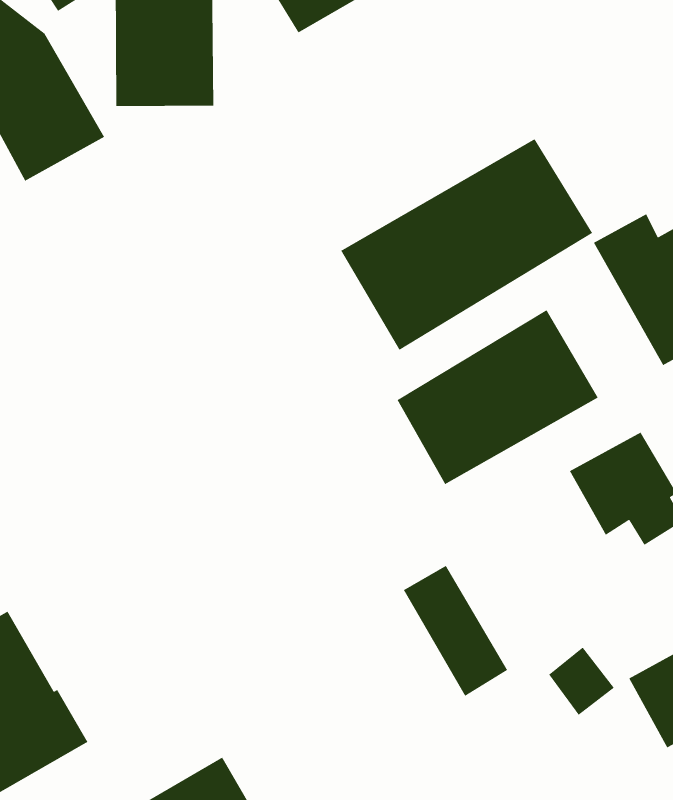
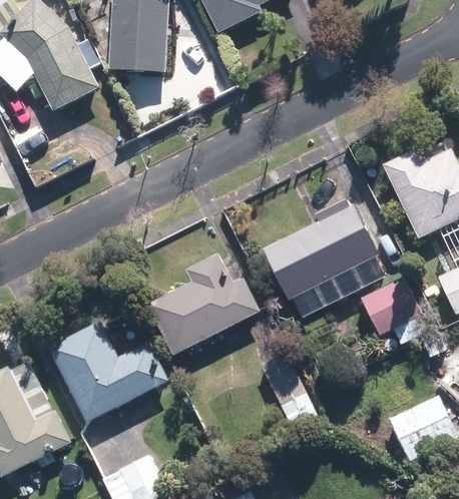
building: [340,138,593,351] -> none
building: none -> [146,250,260,353]
building: none -> [47,317,169,420]

